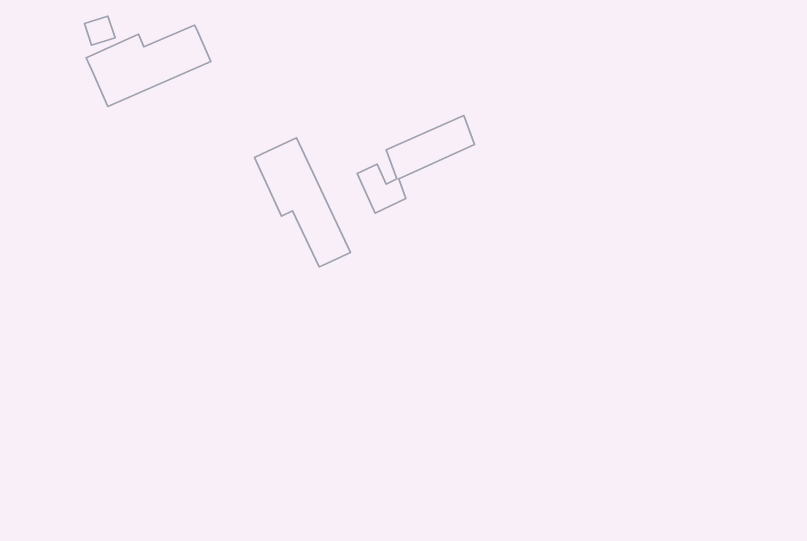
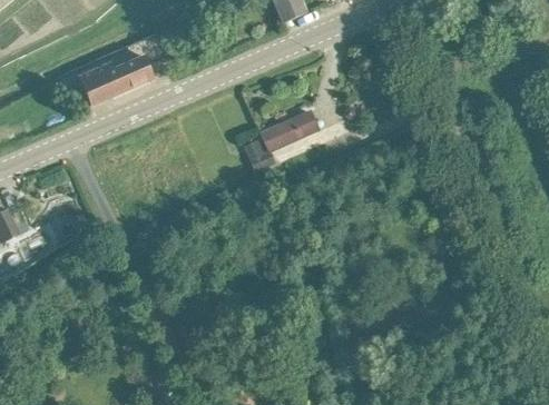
building: [254,138,351,267] -> none

